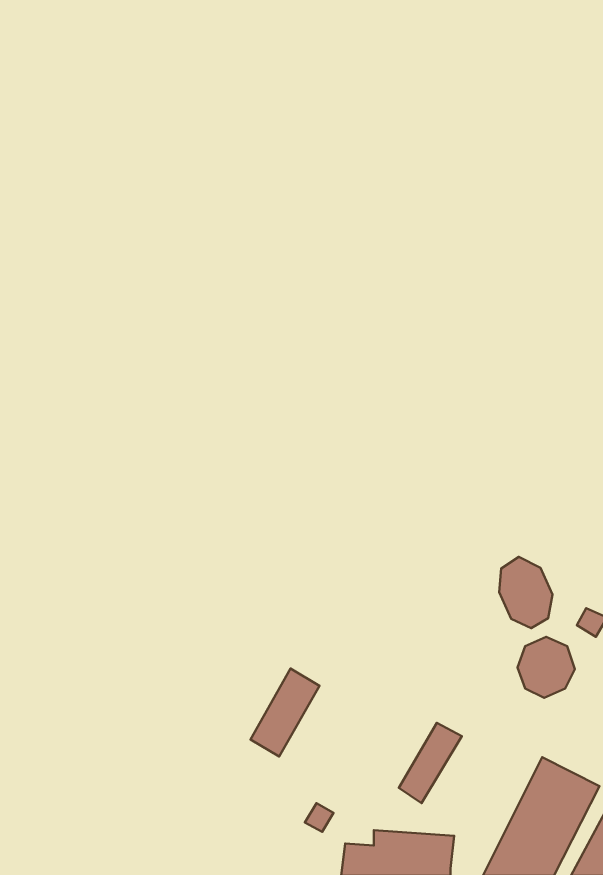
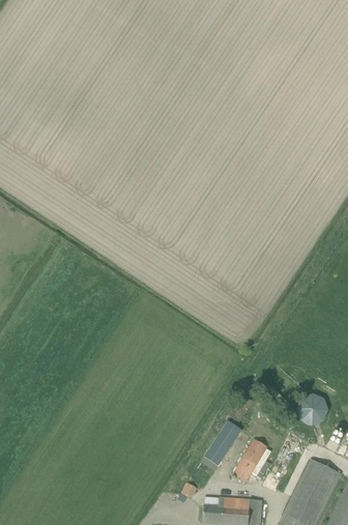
building: [499,557,553,628] -> none
building: [250,669,319,757] -> [202,419,239,467]

